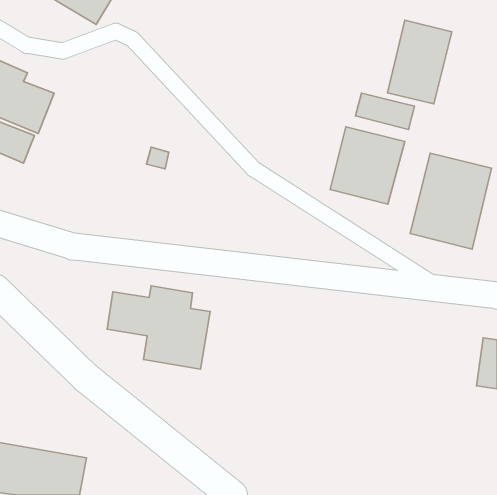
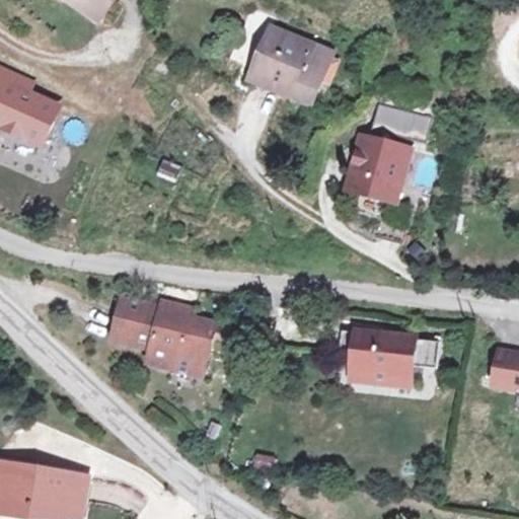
building: none -> [238,17,336,107]
building: [388,20,452,104] -> none
building: [410,153,491,249] -> none
building: none -> [335,325,441,395]

